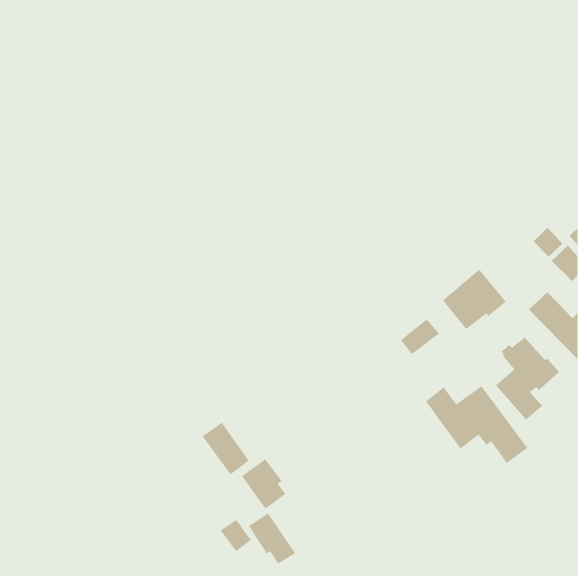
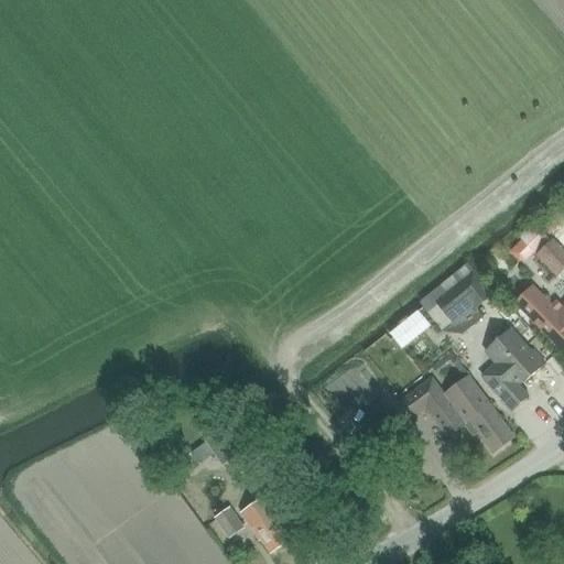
building: [241,459,286,510] -> none

